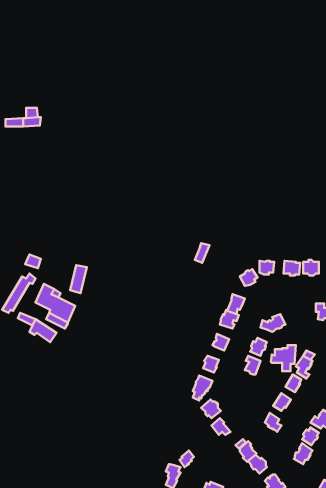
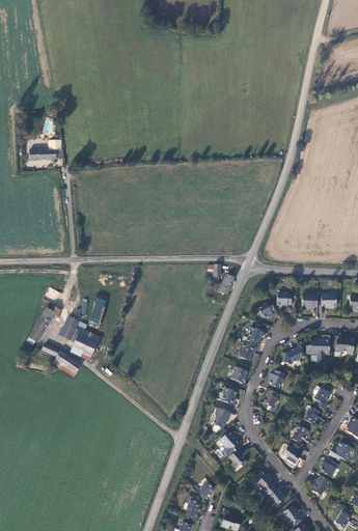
building: [271,345,296,371] -> [306,335,331,361]

